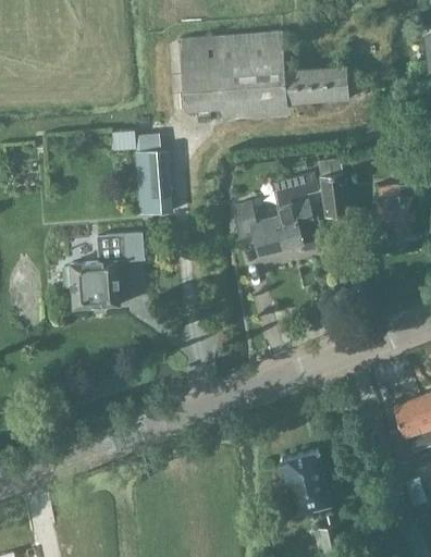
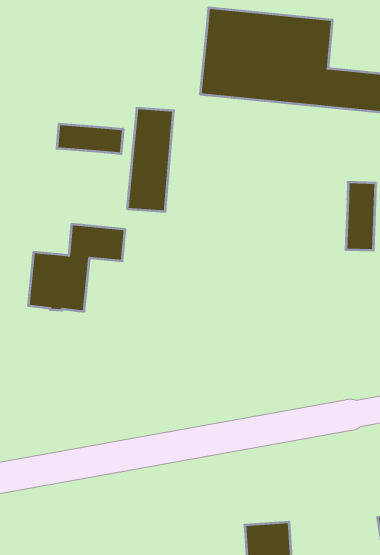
building: none -> [57,124,123,154]
building: [282,173,317,200] -> none
building: [233,201,324,253] -> none

